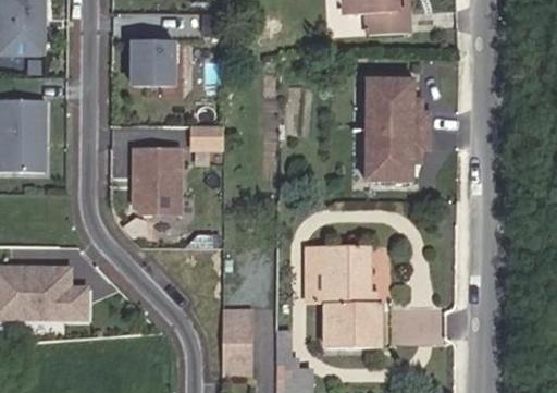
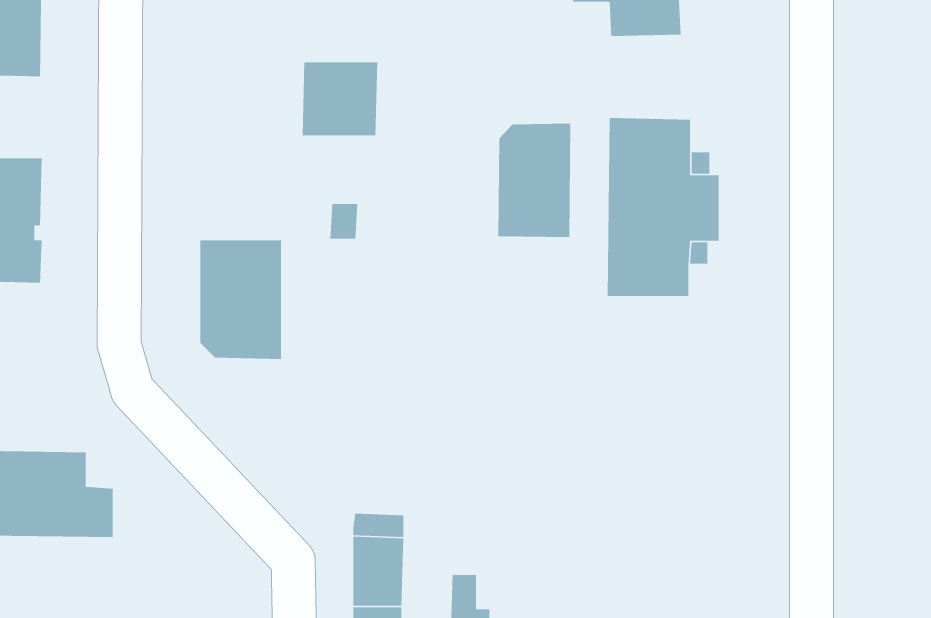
building: [132,42,175,85] -> [302,62,378,136]
building: none -> [498,123,571,238]
building: [306,246,382,347] -> none

